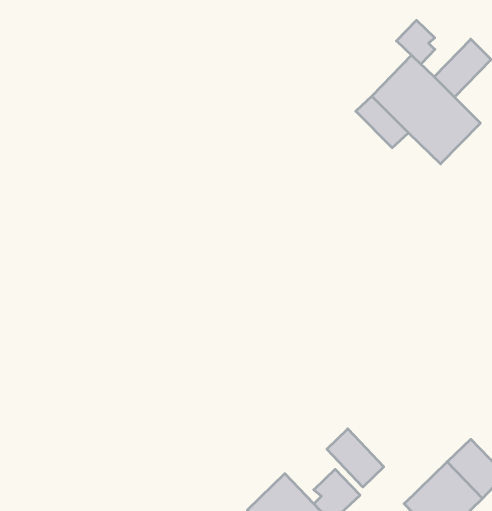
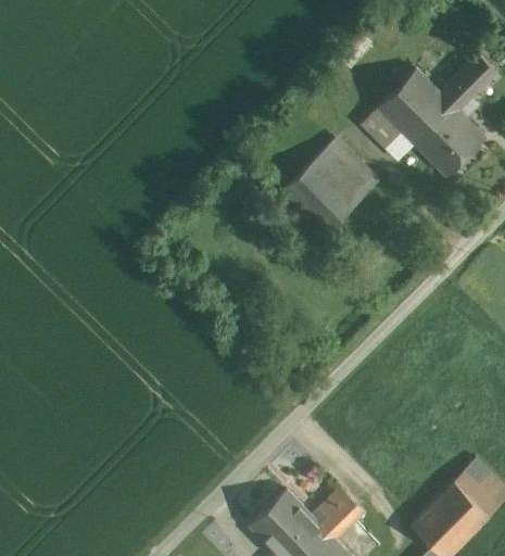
building: [396,20,435,64] -> none
building: none -> [281,136,381,235]
building: [327,429,384,487] -> none

